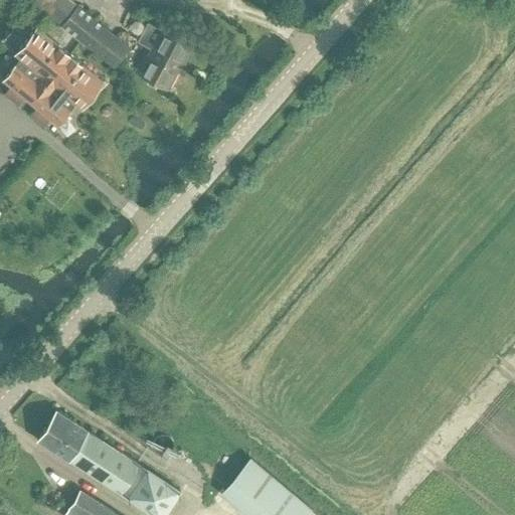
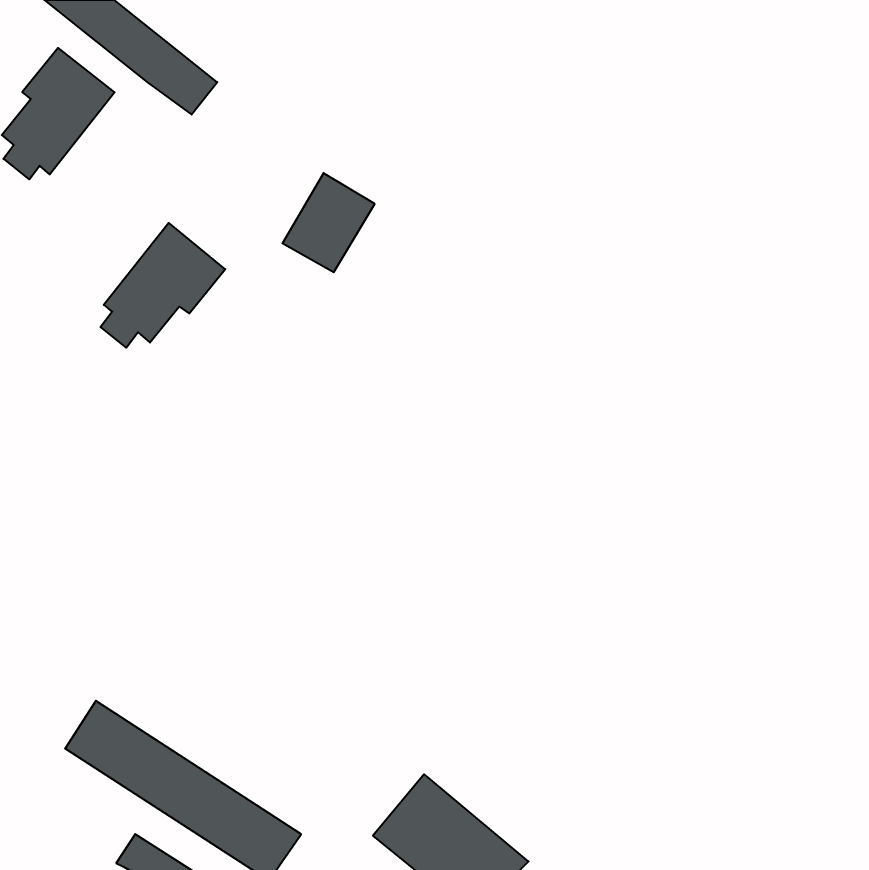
building: [138,30,192,89] -> [282,173,375,272]
building: [30,56,104,130] -> [100,223,225,348]

